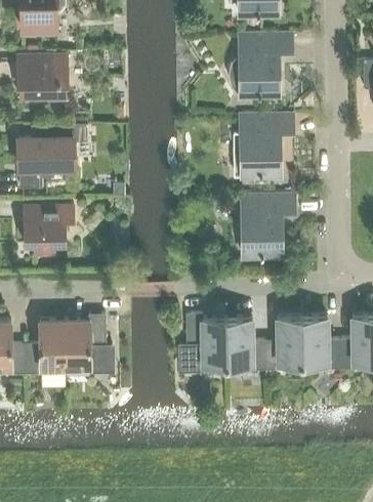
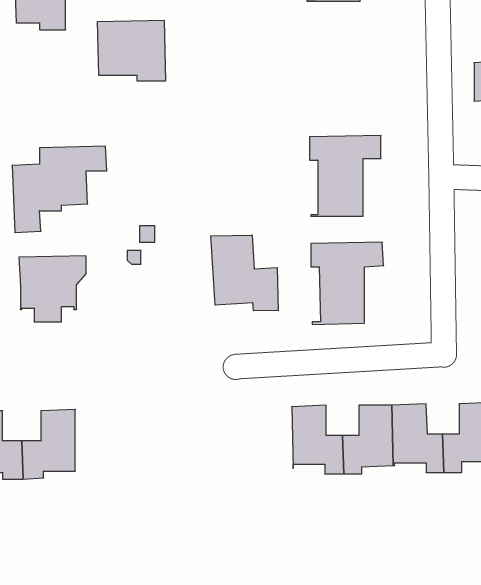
building: [239,36,292,96] -> none
building: [16,55,68,100] -> [97,20,166,81]
building: none -> [211,235,278,311]
building: [179,313,227,370] -> none
building: [65,316,113,372] -> none

